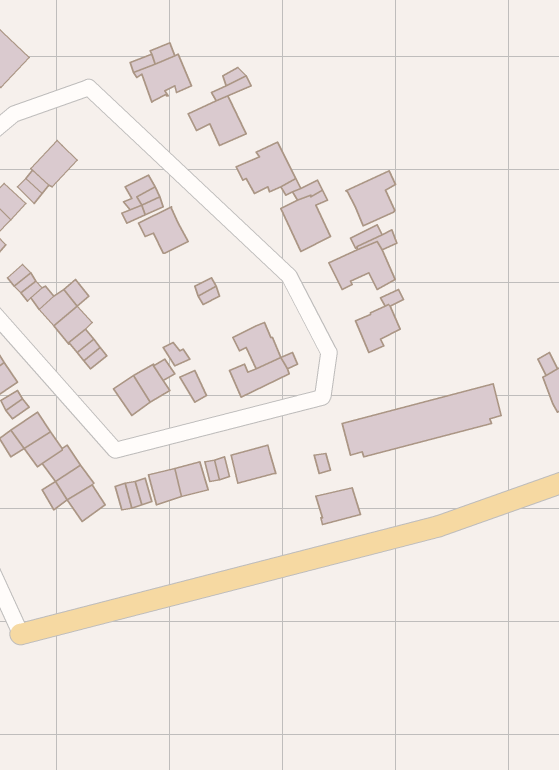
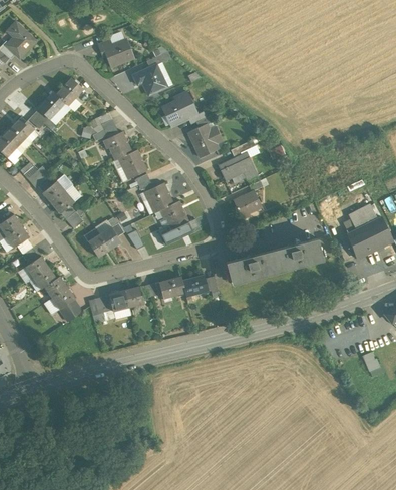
building: none -> [56,78,83,106]
building: [346,171,395,226] -> none
building: none -> [118,150,147,180]
building: none -> [144,182,173,211]
building: [316,488,361,524] -> [181,275,209,297]

